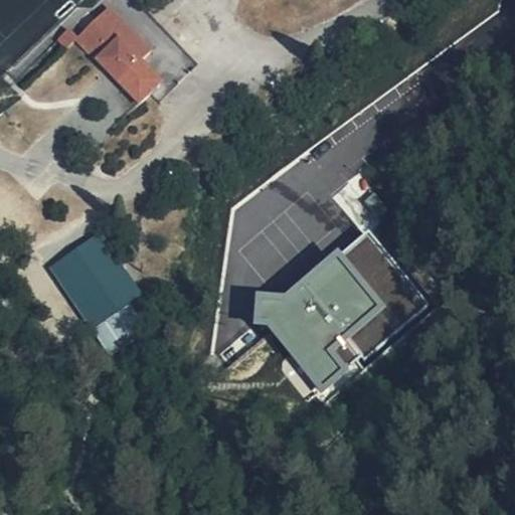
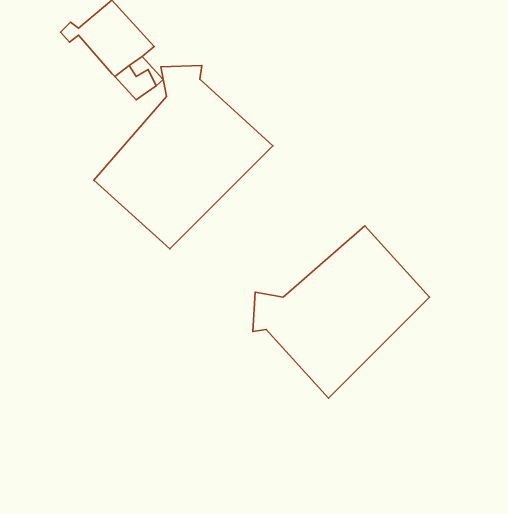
building: none -> [94,66,273,249]
building: [45,237,141,352] -> none

